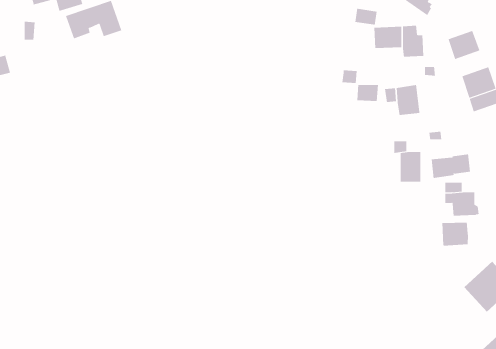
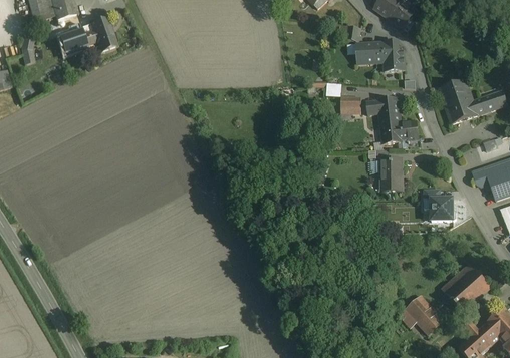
building: [448,30,480,60] -> none
building: [431,154,471,178] -> [380,120,419,143]
building: [442,222,468,246] -> none
building: none -> [399,295,444,339]

